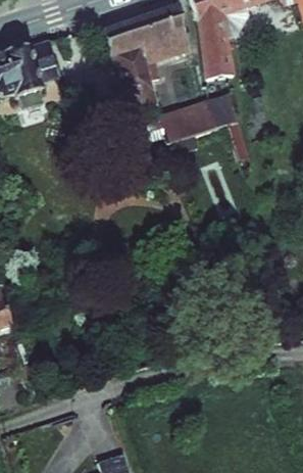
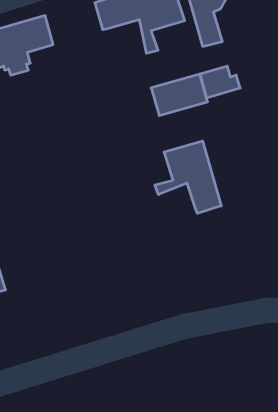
building: [116,45,162,108] -> none
building: none -> [155,141,221,213]

